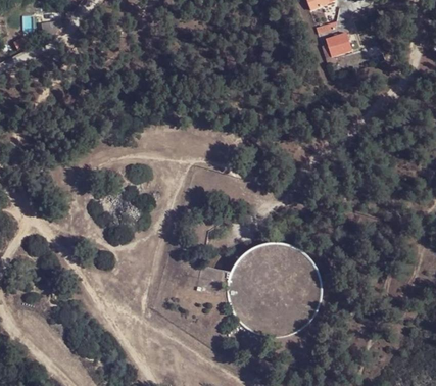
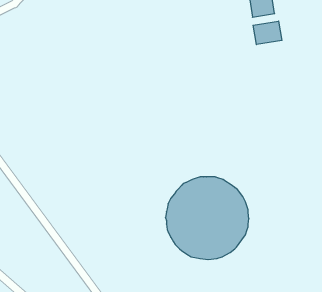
building: none -> [253,21,282,45]

